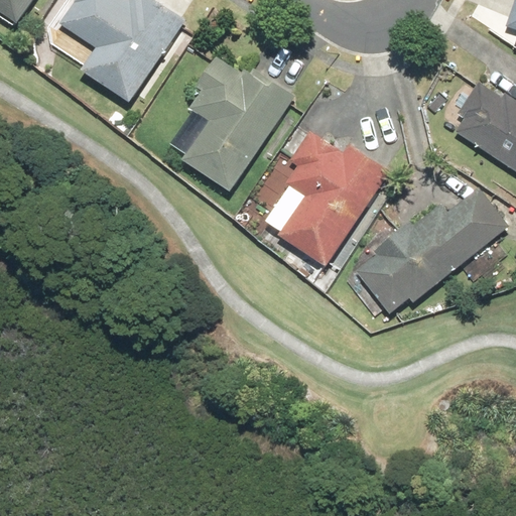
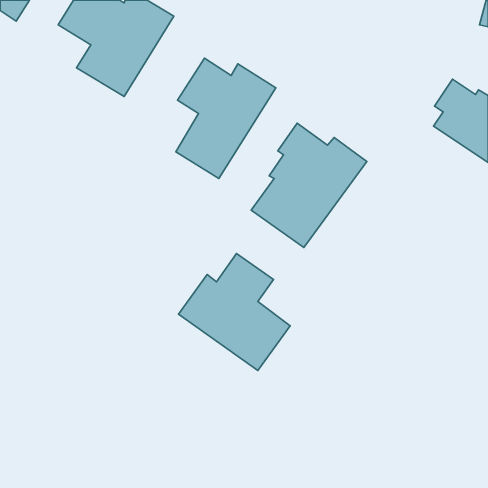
building: [359,190,508,311] -> none
building: none -> [179,253,290,371]

